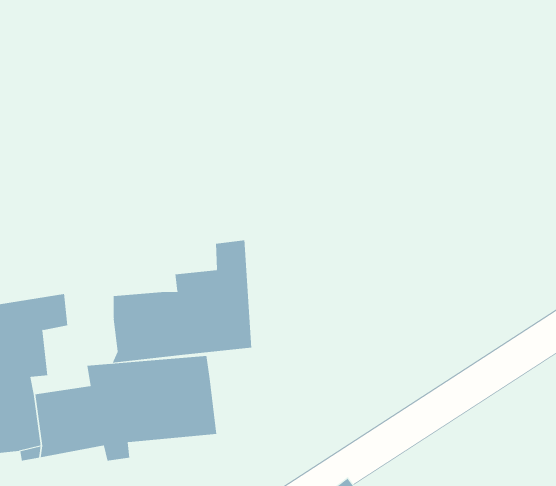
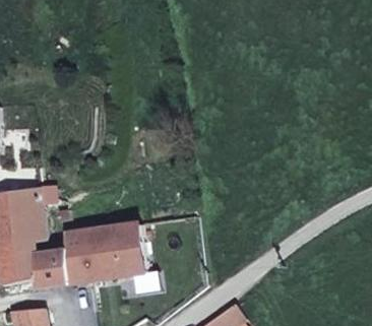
building: [112,240,252,363] -> none

